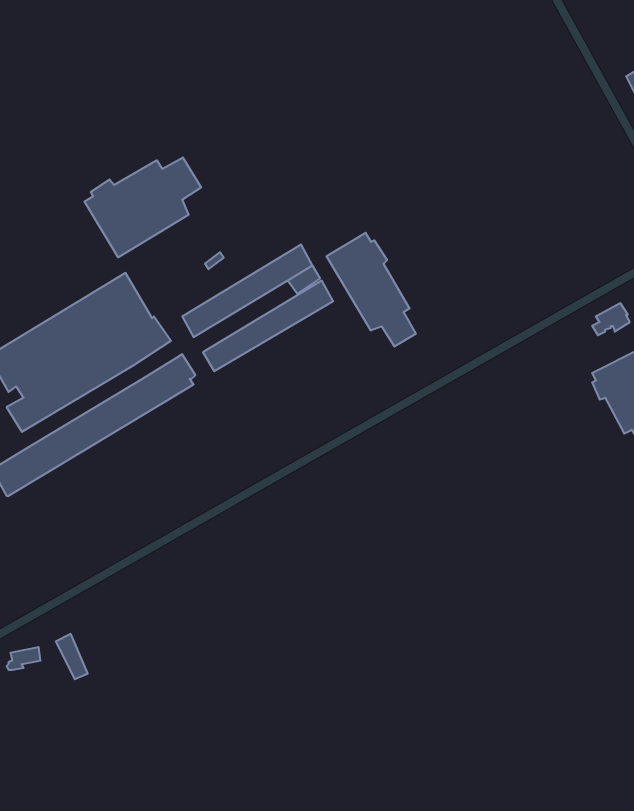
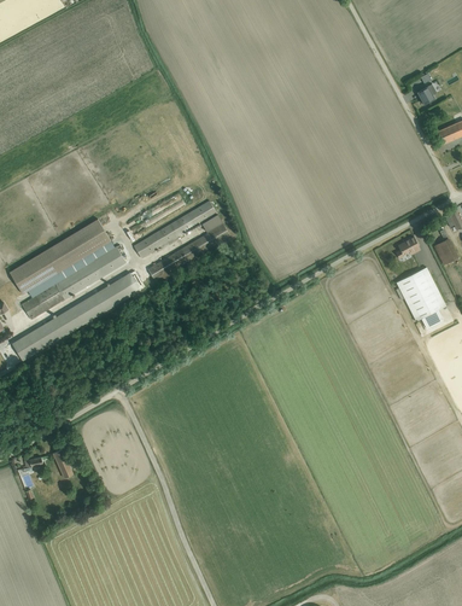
building: [84,157,201,257] -> none
building: [326,233,416,347] -> none

